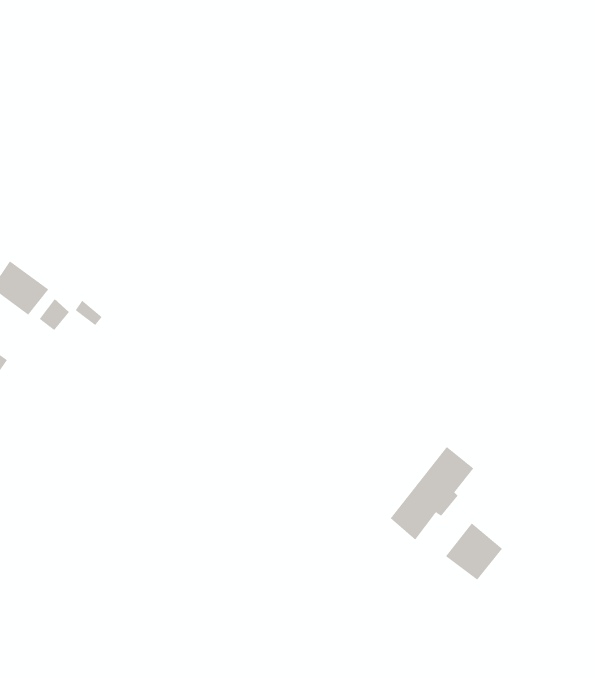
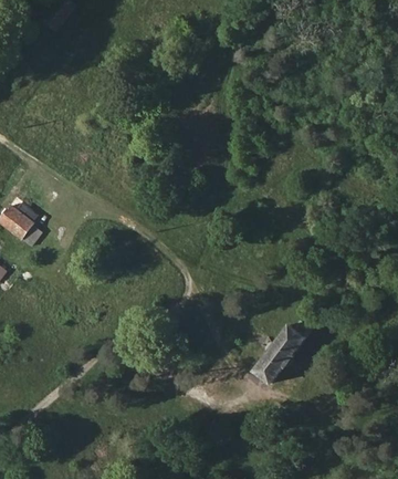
building: [445,523,503,580] -> none

